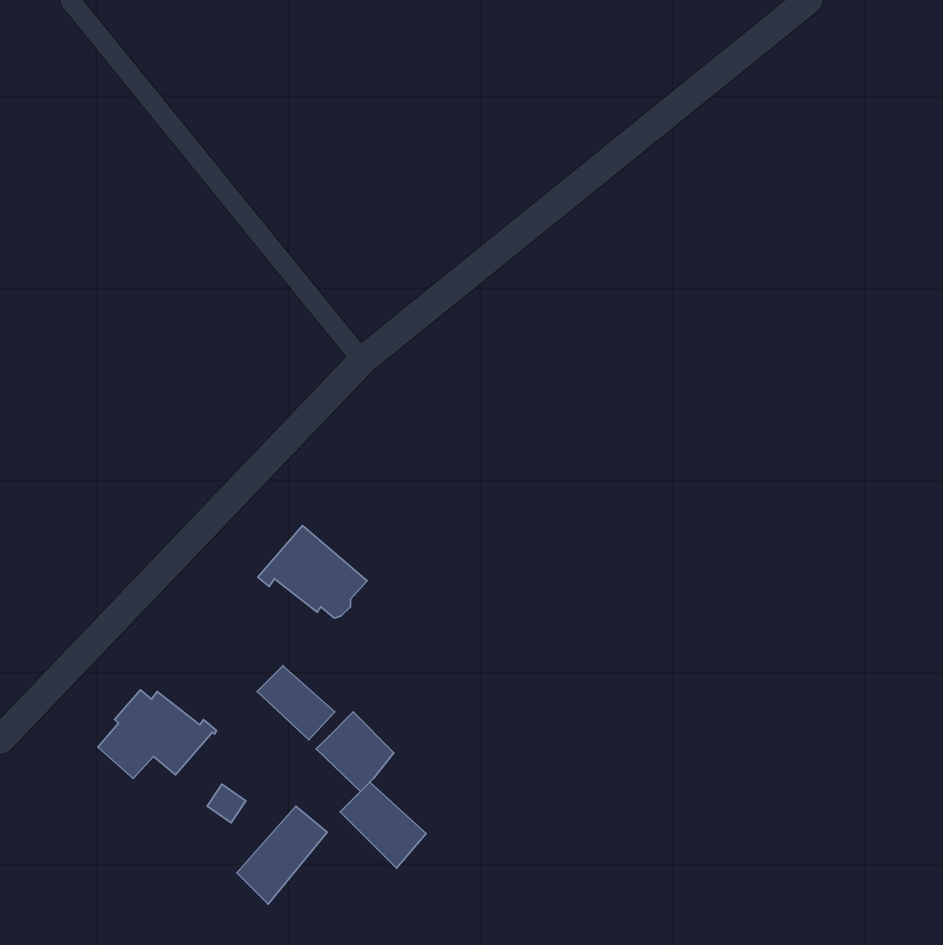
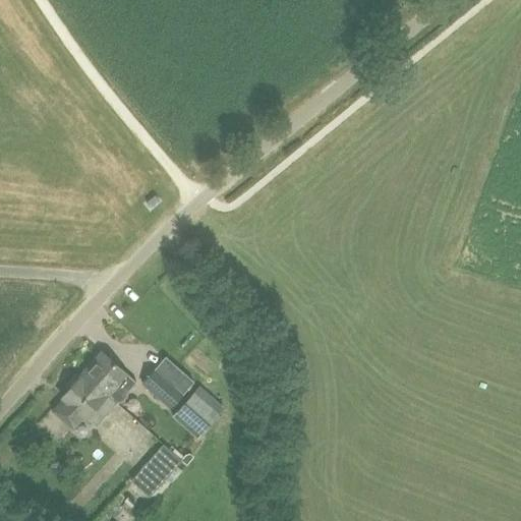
building: [258,525,367,618] -> [78,351,138,402]
building: [340,782,426,868] -> none

